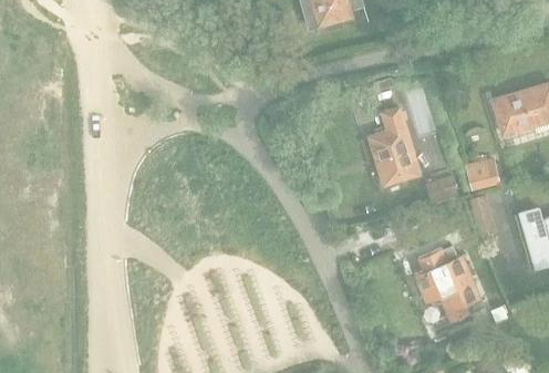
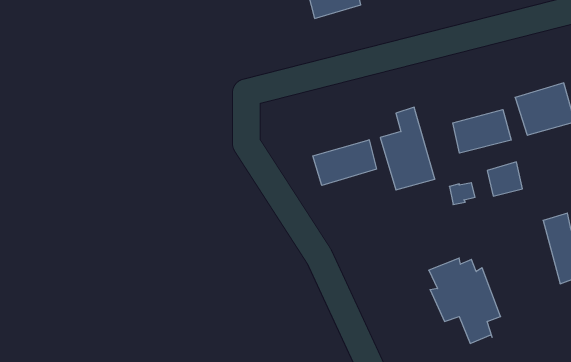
building: none -> [453,110,511,153]
building: none -> [313,140,376,185]

